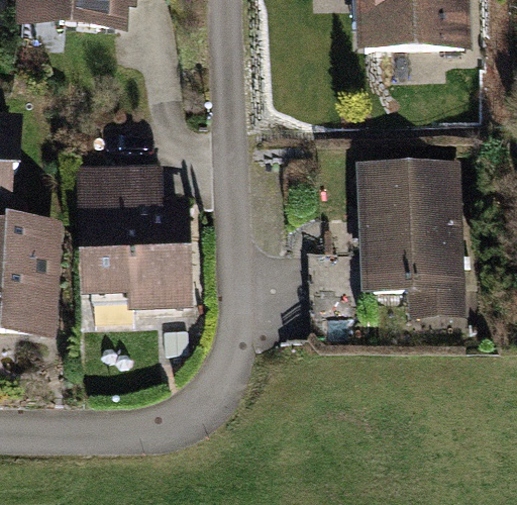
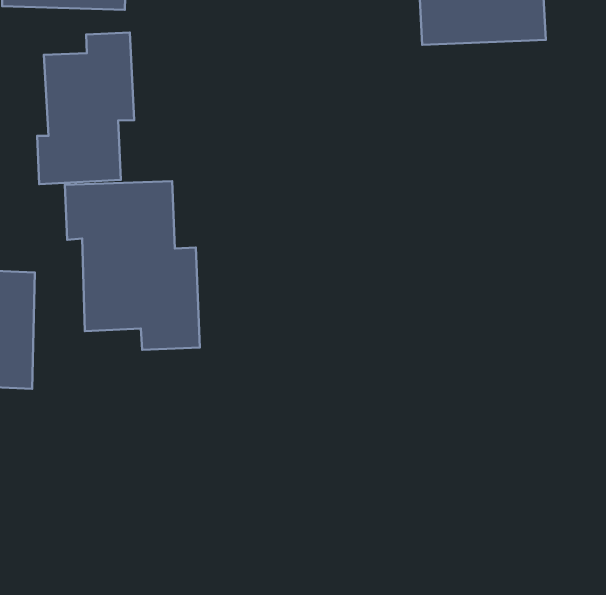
building: none -> [37,32,134,184]
building: [367,168,459,293] -> none

